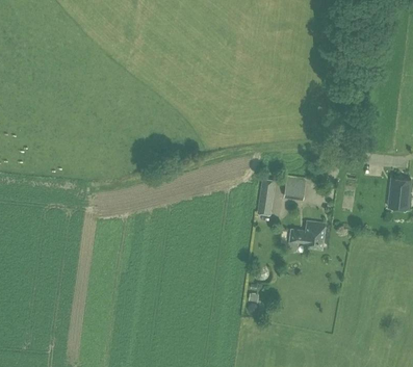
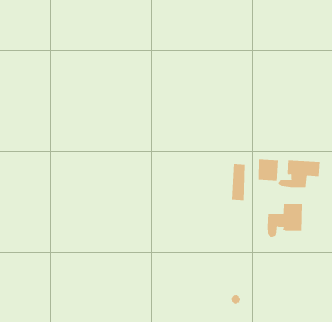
building: none -> [278,160,320,188]

